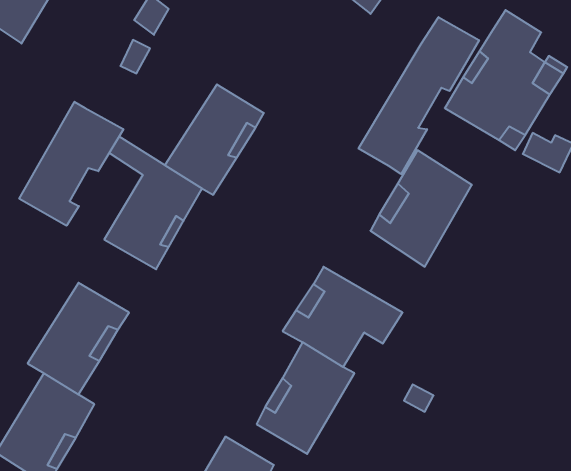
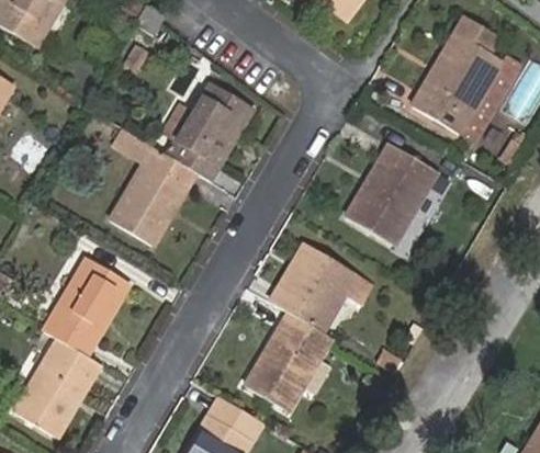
building: [359,17,479,174] -> none
building: [19,102,123,226] -> none

